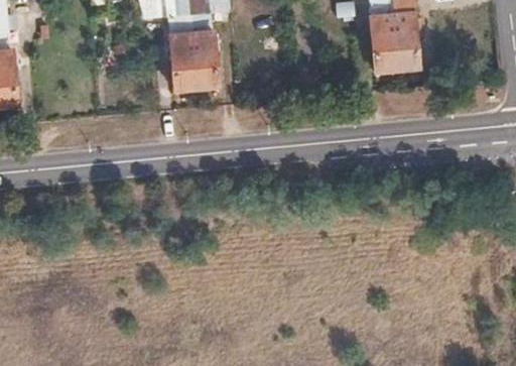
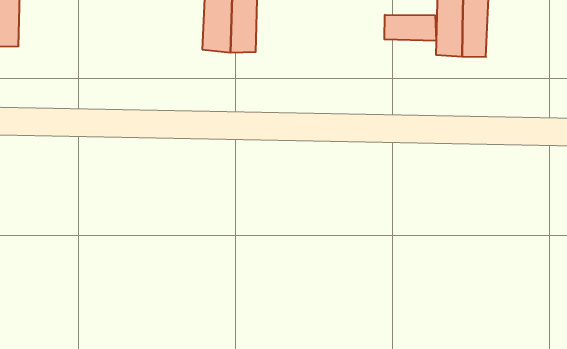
building: none -> [384,15,436,41]

